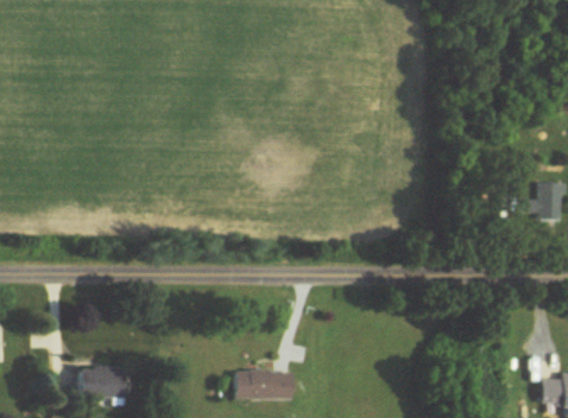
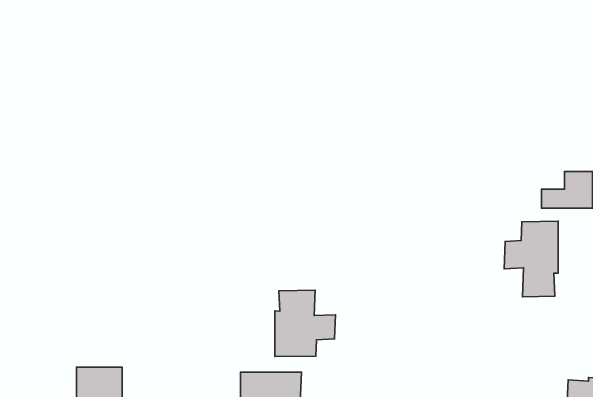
building: none -> [504,221,558,297]
building: none -> [275,290,335,357]

